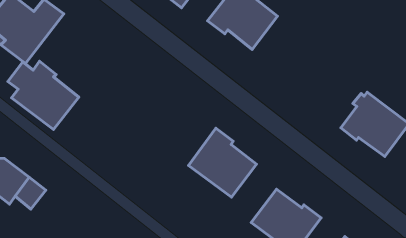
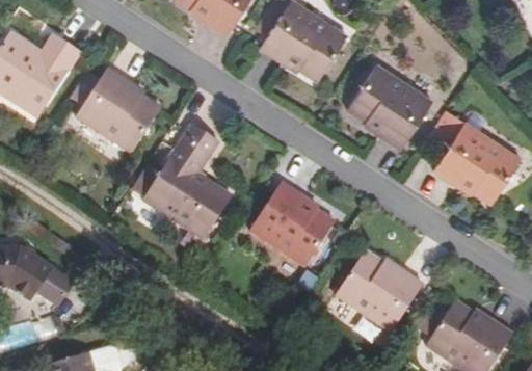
building: none -> [349,64,432,147]
building: [8,61,79,130] -> [71,70,160,153]
building: none -> [145,127,232,240]

